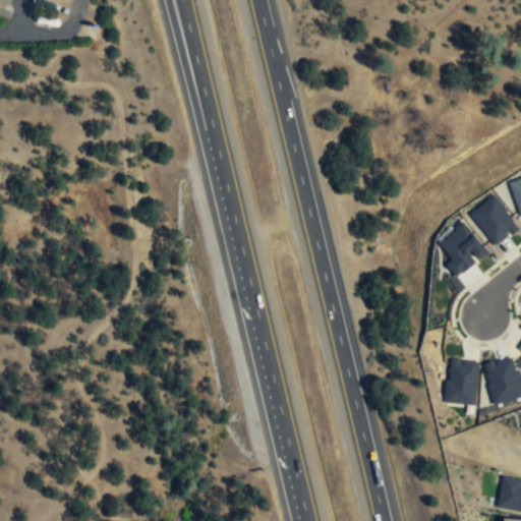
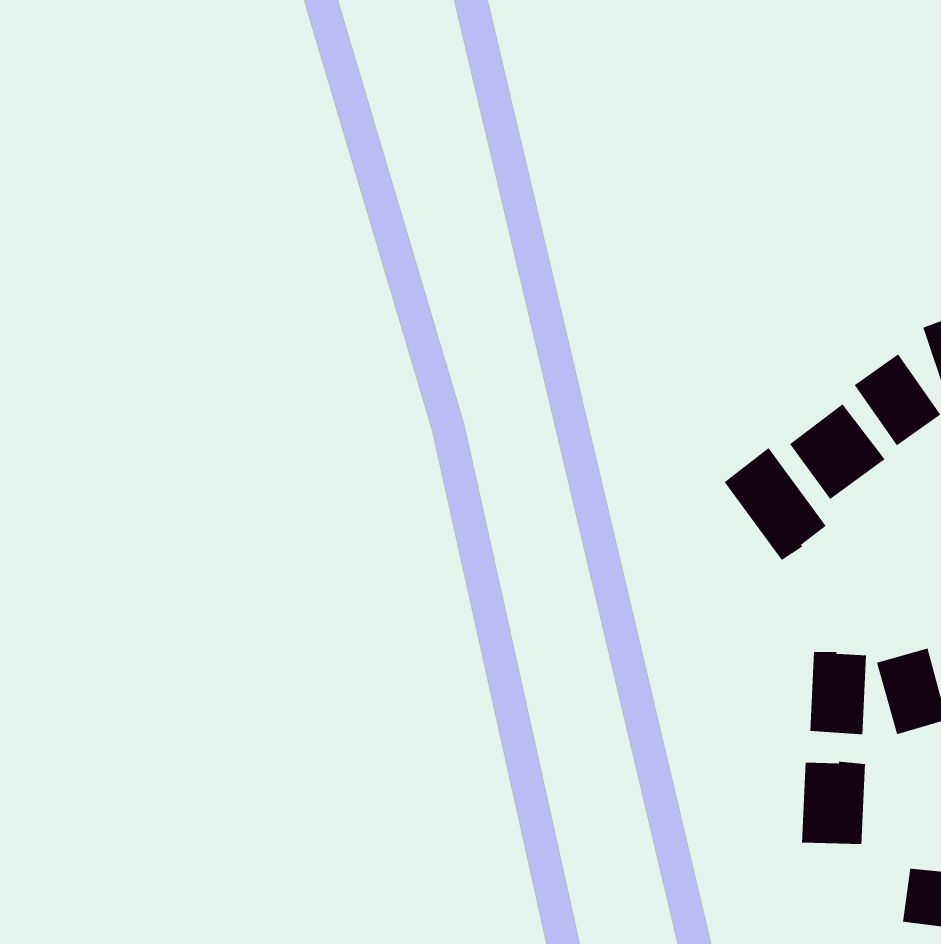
building: none -> [724,447,826,561]
building: none -> [801,761,866,845]

